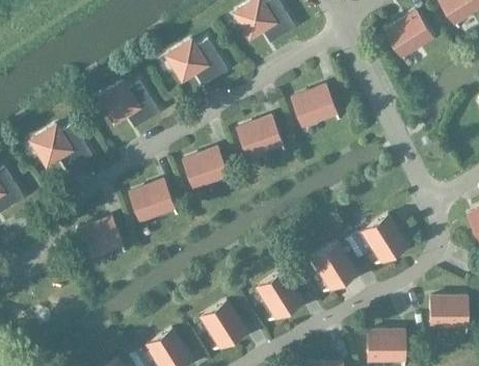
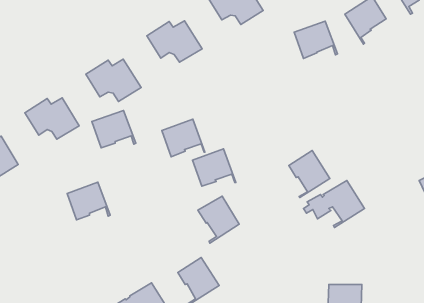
building: [292,85,340,127] -> [294,21,337,59]
building: [237,115,285,157] -> [193,149,236,186]
building: [129,180,178,221] -> [92,110,136,148]
building: [311,242,356,294] -> [289,150,330,197]
building: [256,271,301,323] -> [198,196,239,243]
building: [430,296,468,335] -> none

